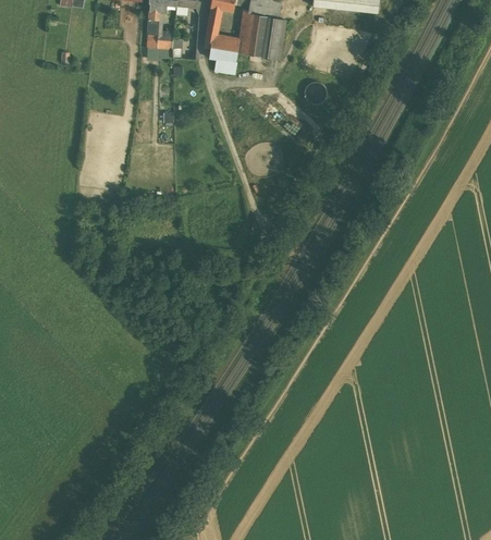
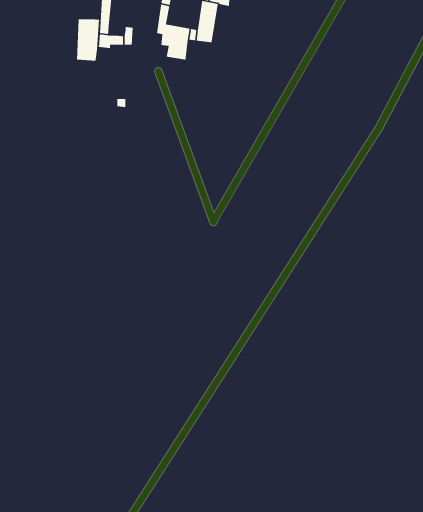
building: [261,16,286,59] -> none
building: none -> [76,18,100,62]

